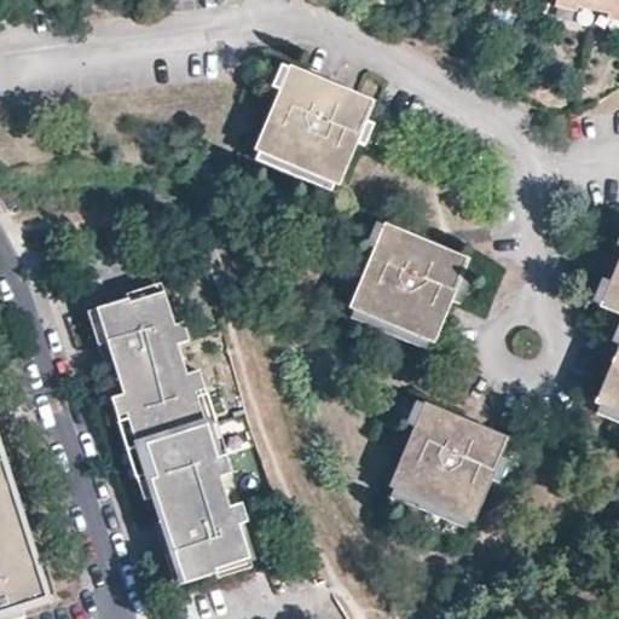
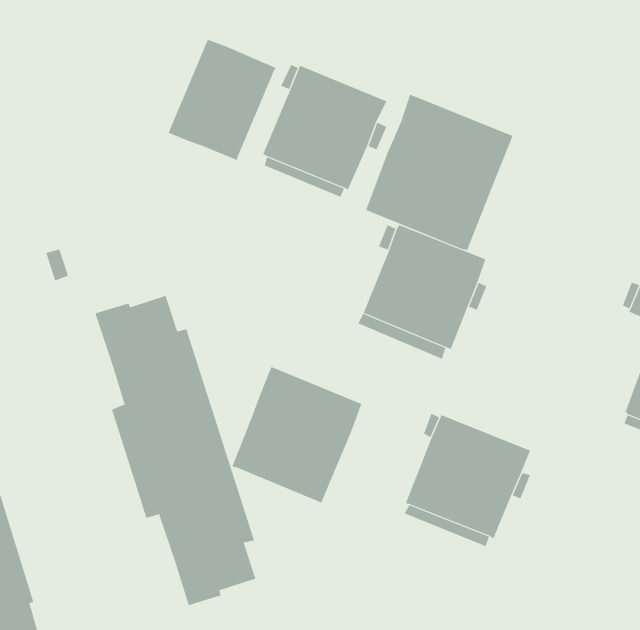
building: none -> [168,39,276,161]
building: none -> [365,94,513,251]
building: none -> [231,366,362,504]

